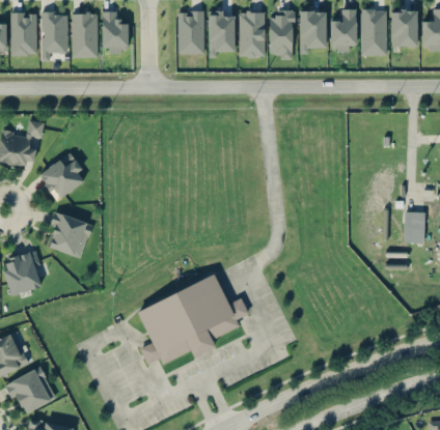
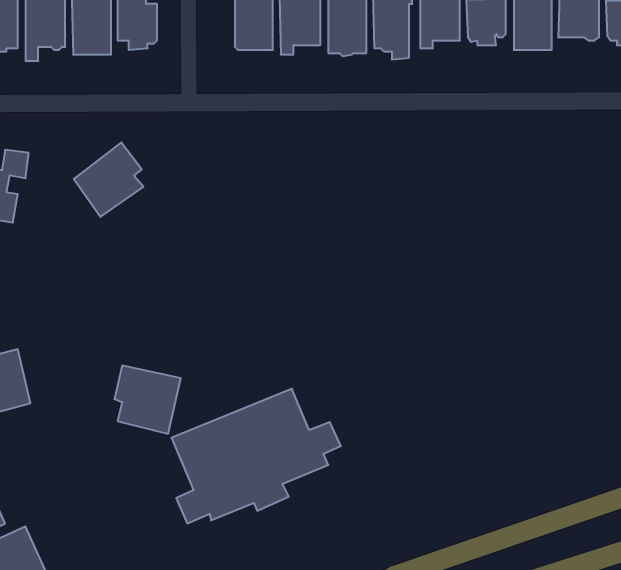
building: [38,151,84,200] -> [74,142,143,217]
building: [404,211,424,242] -> none
building: [48,212,91,257] -> [114,366,181,434]

